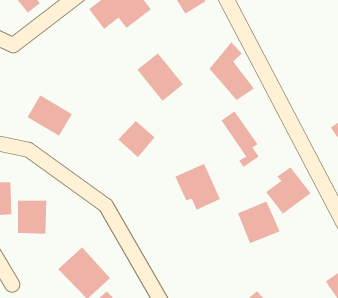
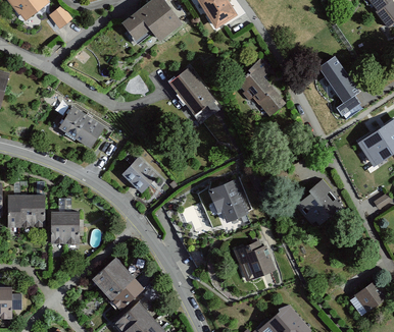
building: [221,110,260,168] -> [321,56,359,113]
building: [117,120,156,158] -> [121,155,159,192]
building: [237,201,280,244] -> [234,238,277,281]

